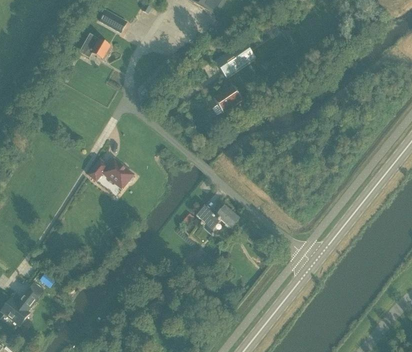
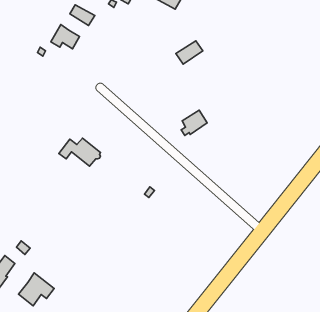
building: [212,85,241,113] -> [181,110,207,135]
building: [195,204,239,228] -> none
building: none -> [19,273,54,306]

